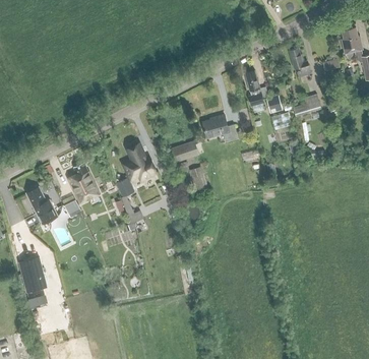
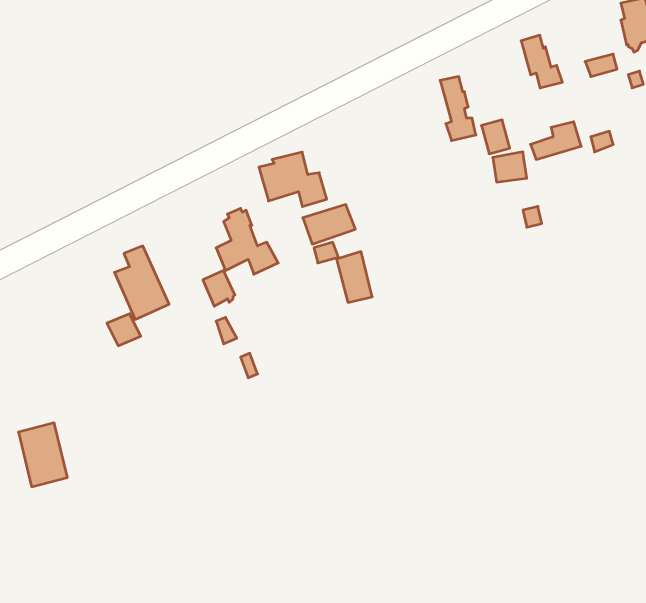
building: [201,112,238,141] -> [259,152,327,207]
building: [26,186,58,223] -> none

